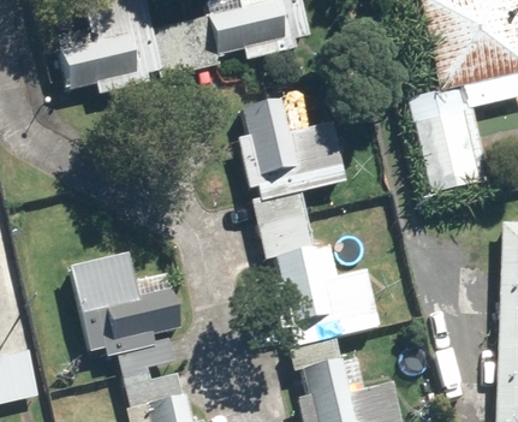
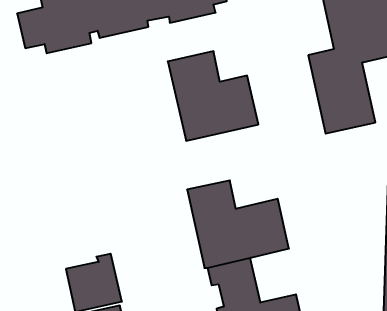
building: [252,194,315,258] -> none
building: [64,242,179,347] -> none

